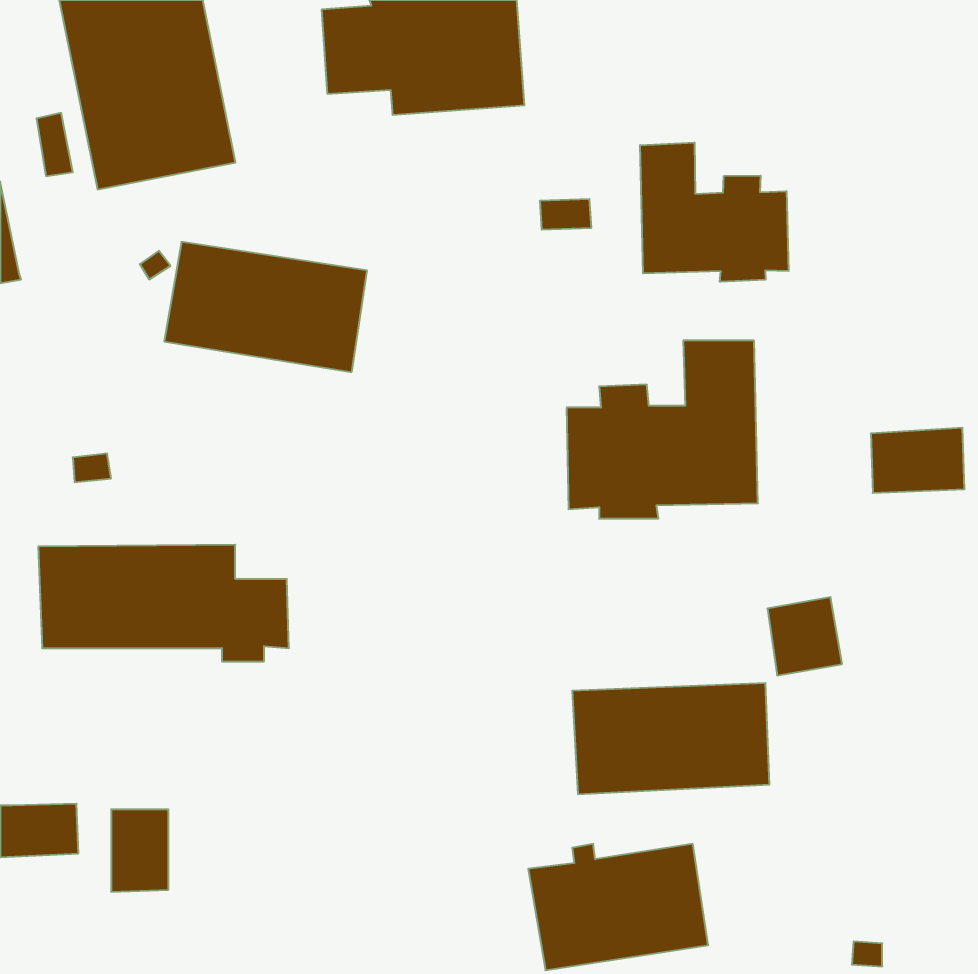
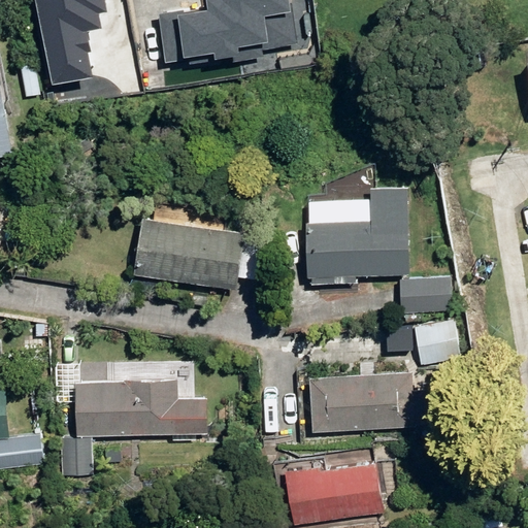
building: [640,142,789,282] -> none
building: [164,242,367,372] -> [134,218,243,288]
building: [871,428,965,493] -> [400,277,451,312]
building: [38,545,289,661] -> [72,378,207,441]

